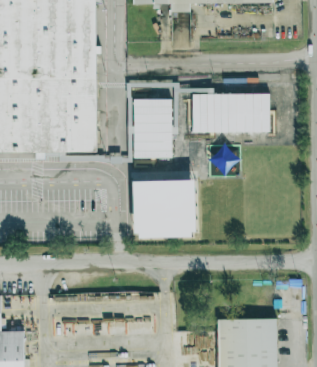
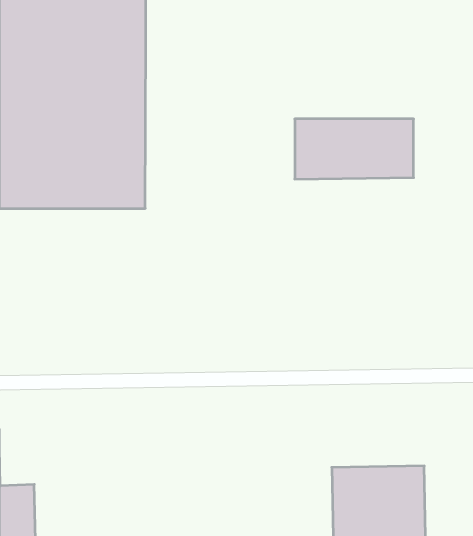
building: [132,99,171,158] -> none
building: [134,180,196,239] -> none

